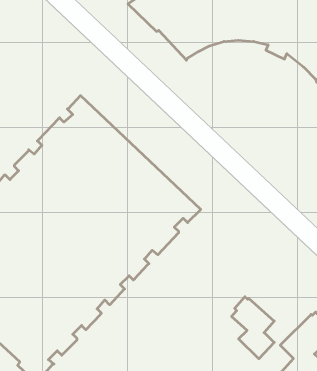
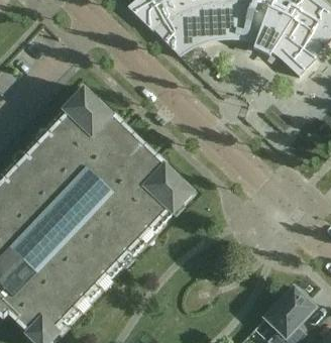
building: [232,297,274,359] -> none

